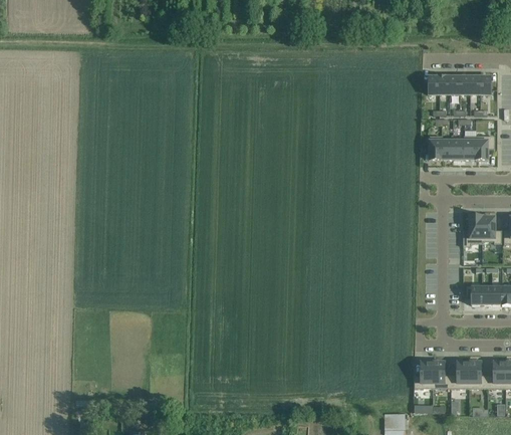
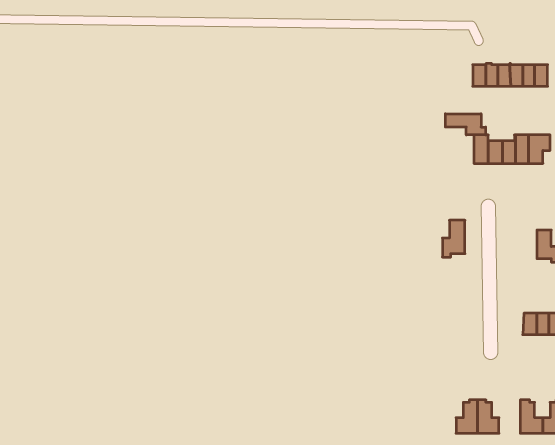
building: none -> [445,114,486,135]
building: [464,214,483,245] -> [442,220,465,257]
building: [451,359,469,387] -> none

